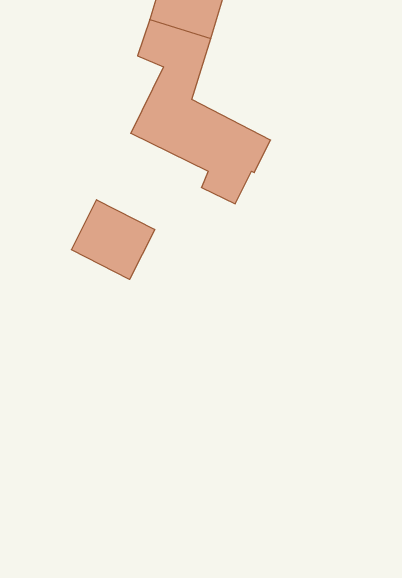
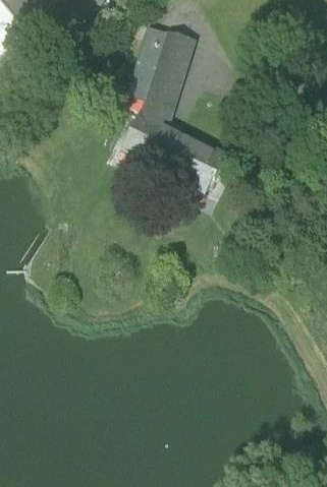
building: [71,200,155,279] -> none

